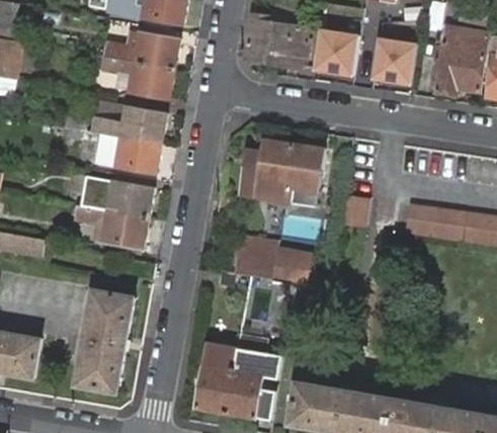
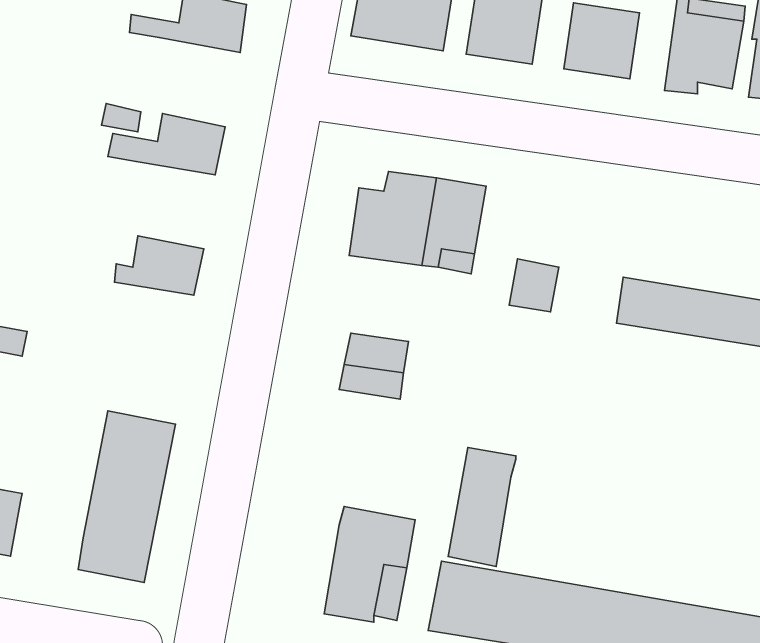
building: [121,60,173,98] -> none
building: [107,136,158,174] -> none
building: [72,205,145,249] -> none
building: [271,245,312,286] -> none
building: [195,340,237,413] -> [448,448,516,566]

